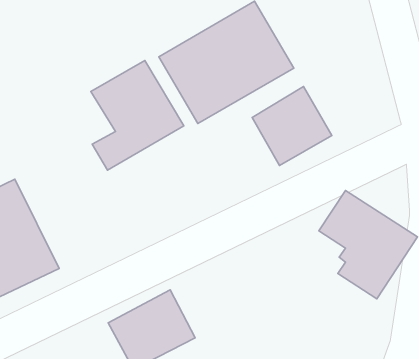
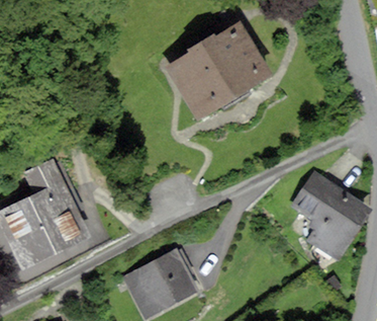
building: [91,61,184,170] -> none
building: [252,87,332,166] -> none

